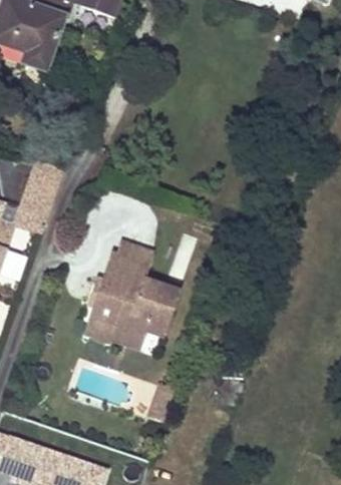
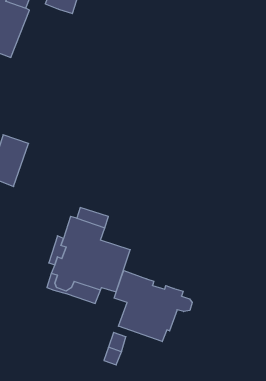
building: none -> [114,271,192,342]

